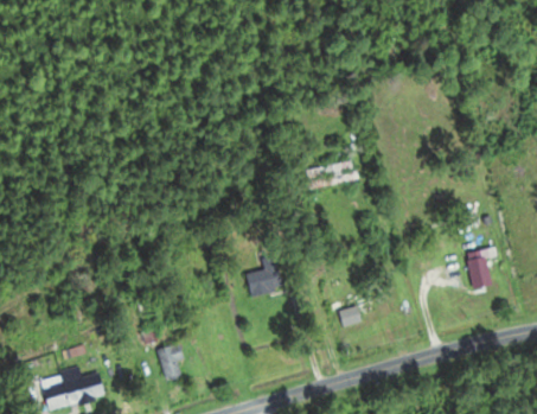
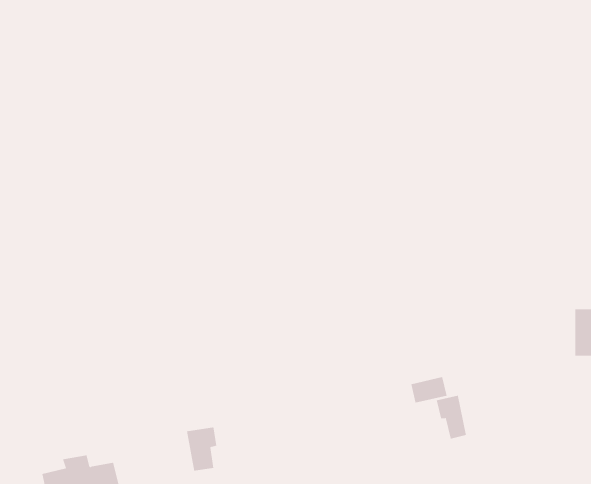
building: [247,253,283,297] -> none
building: none -> [436,395,466,439]

